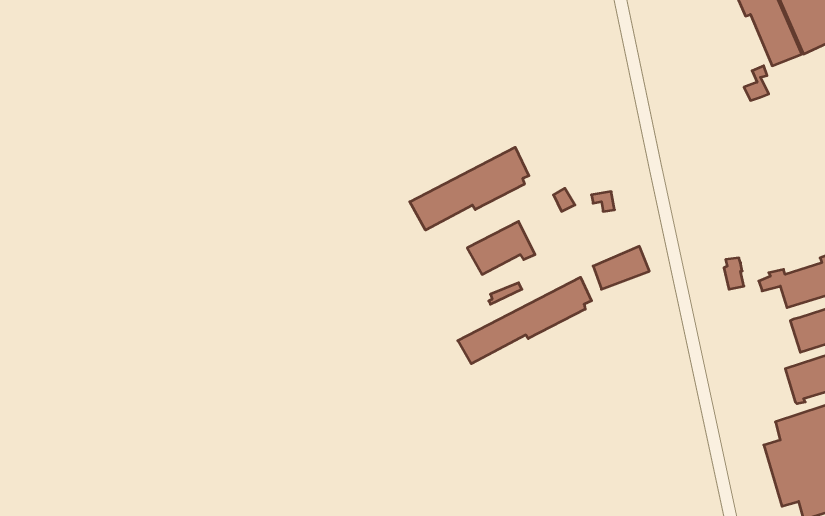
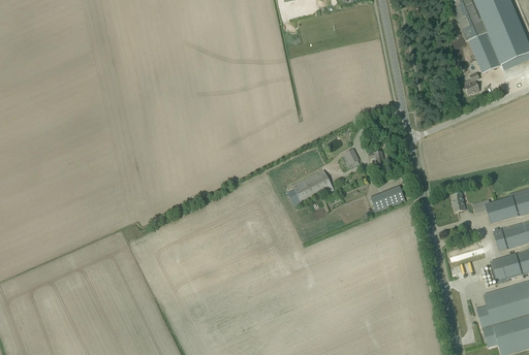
building: [410,147,529,230] -> none
building: [458,277,592,364] -> none

